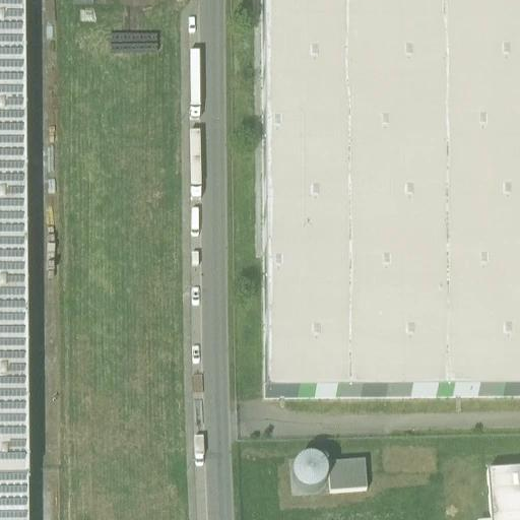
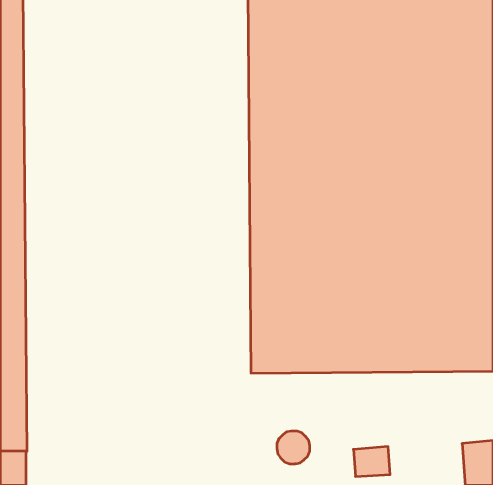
building: [328,456,367,488] -> [353,447,390,476]

